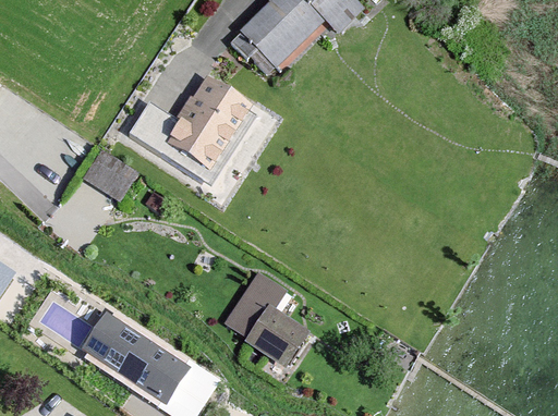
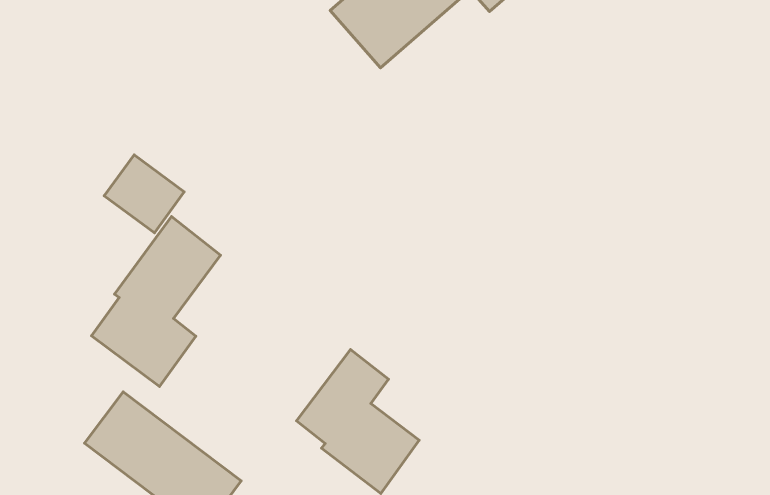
building: [126,75,254,185] -> none
building: none -> [91,217,220,387]

